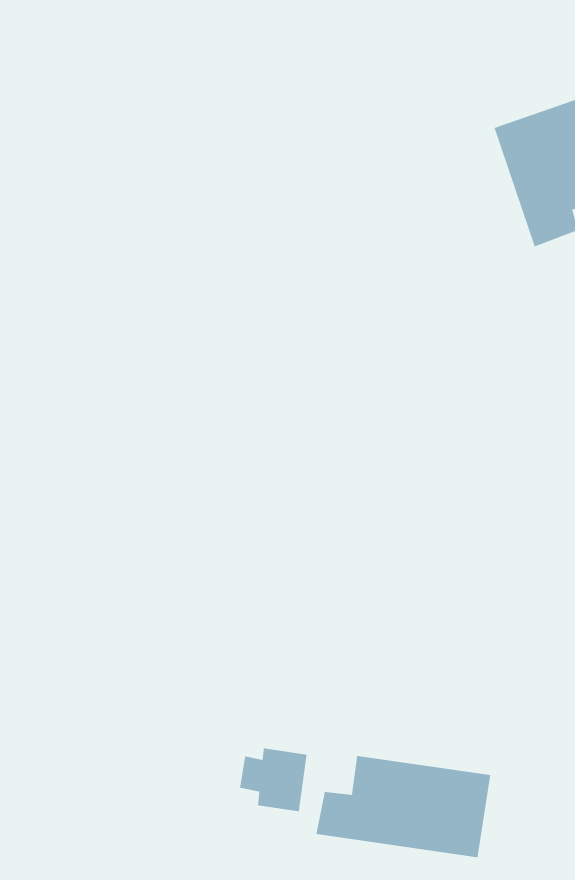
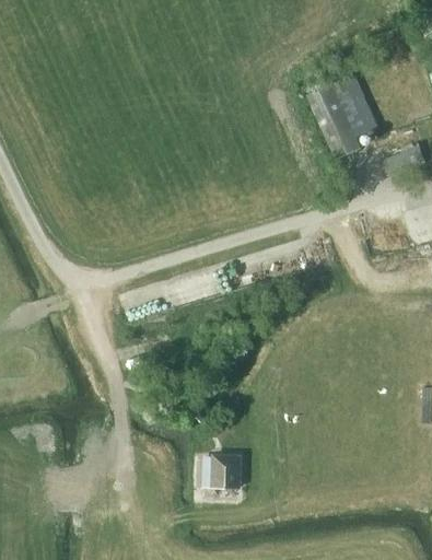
building: [316,755,491,858] -> none

